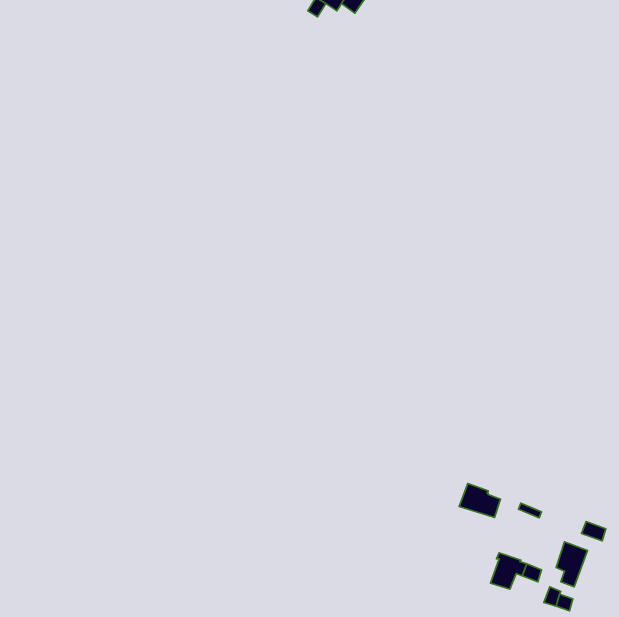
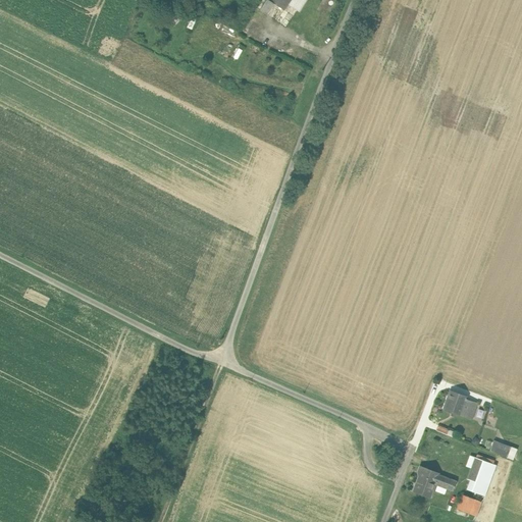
building: [459,484,500,517] -> [442,389,477,418]

